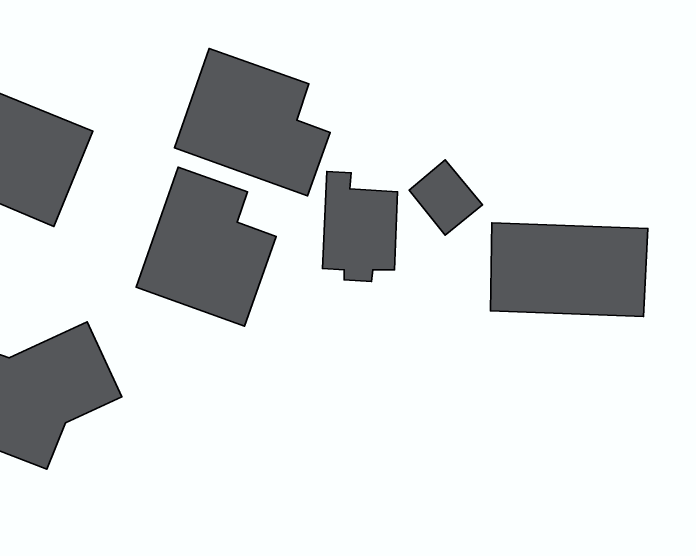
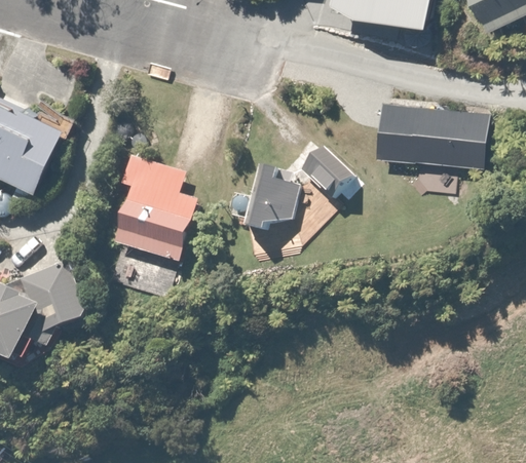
building: [174,49,330,196] -> none
building: [490,223,648,317] -> [373,101,485,167]

